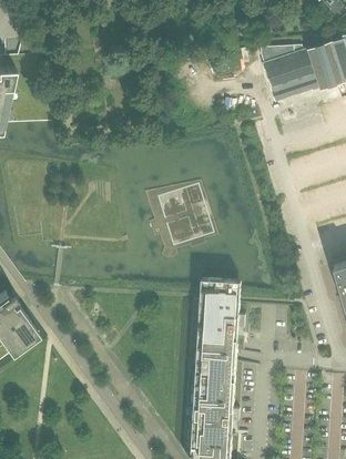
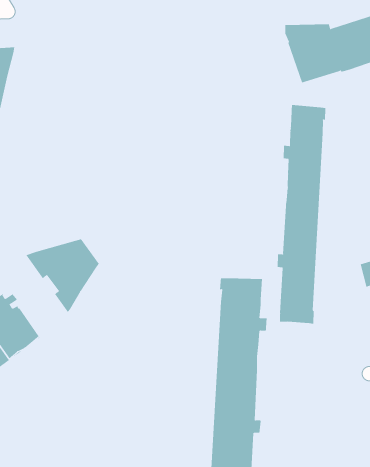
building: none -> [277,104,326,324]
building: none -> [25,239,100,313]

